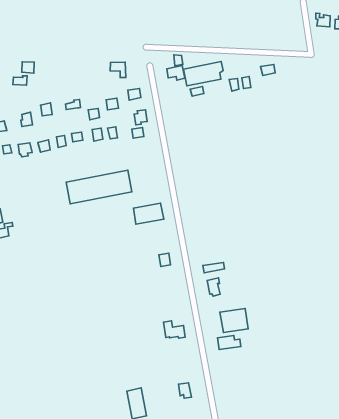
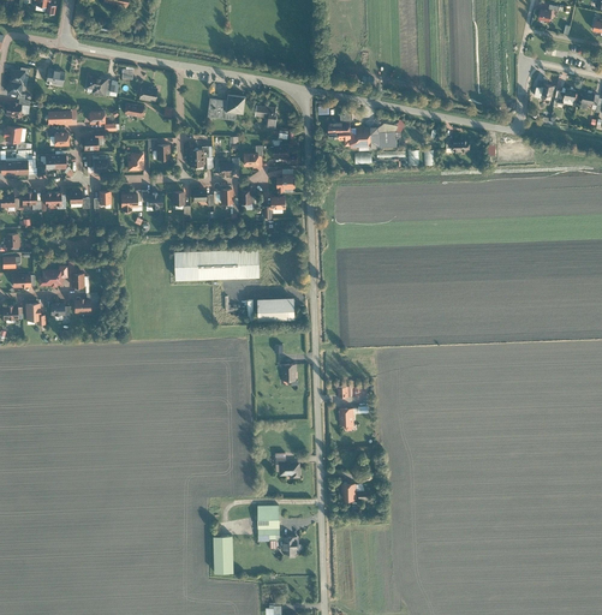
building: none -> [207,92,244,119]
building: [220,308,248,333] -> none
building: none -> [257,504,280,541]

